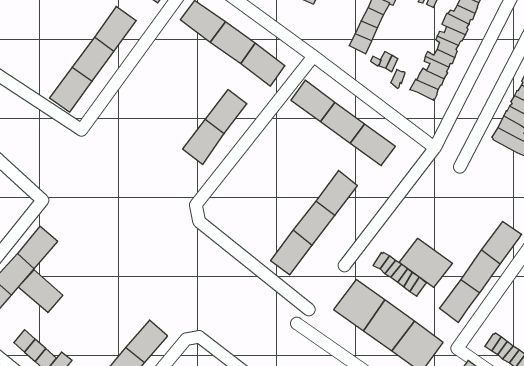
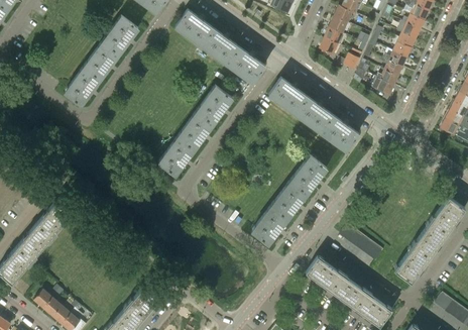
building: none -> [157,136,194,175]
building: [399,238,452,287] -> none
building: [18,270,63,313] -> none

